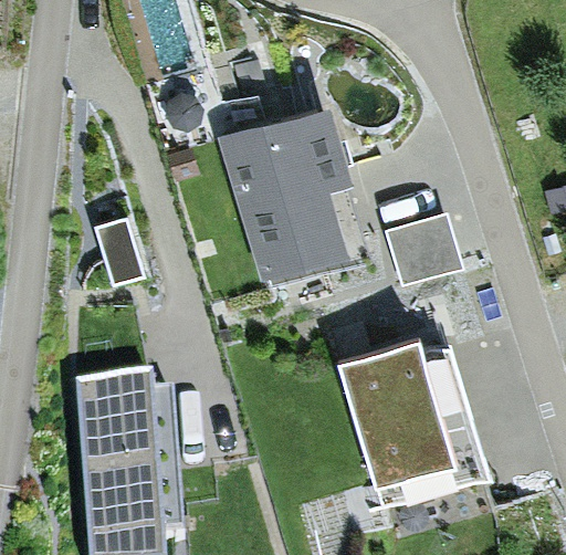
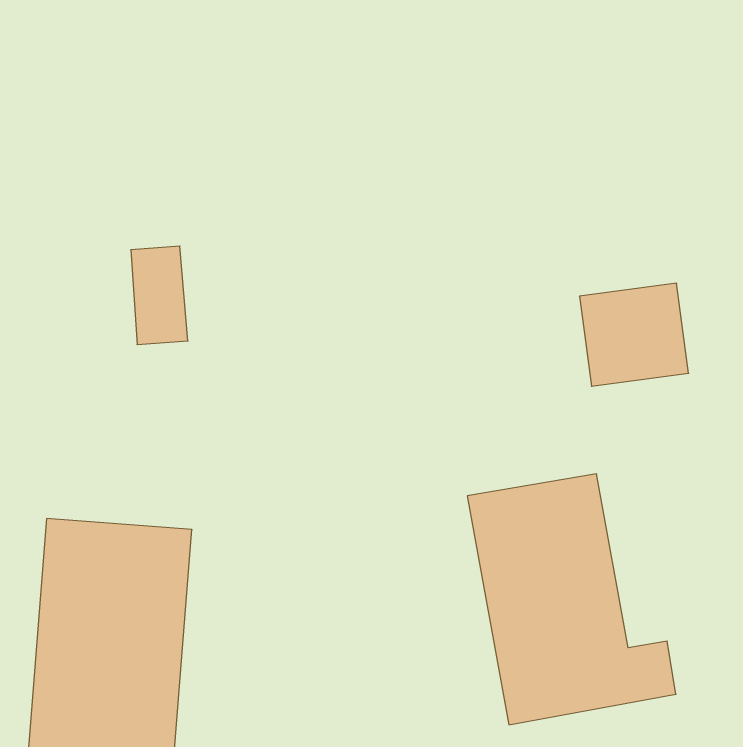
building: [210,96,361,281] -> none

